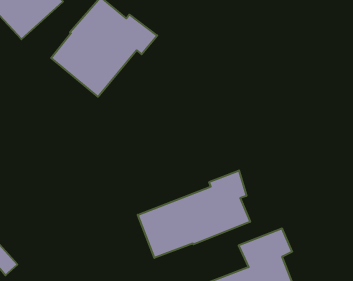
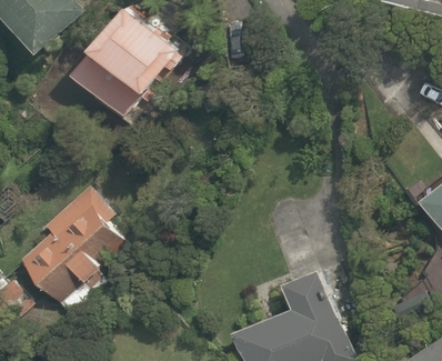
building: none -> [20,187,127,319]
building: [138,170,250,258] -> none

